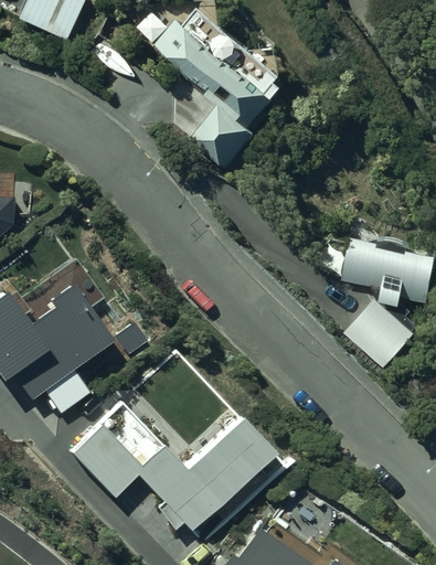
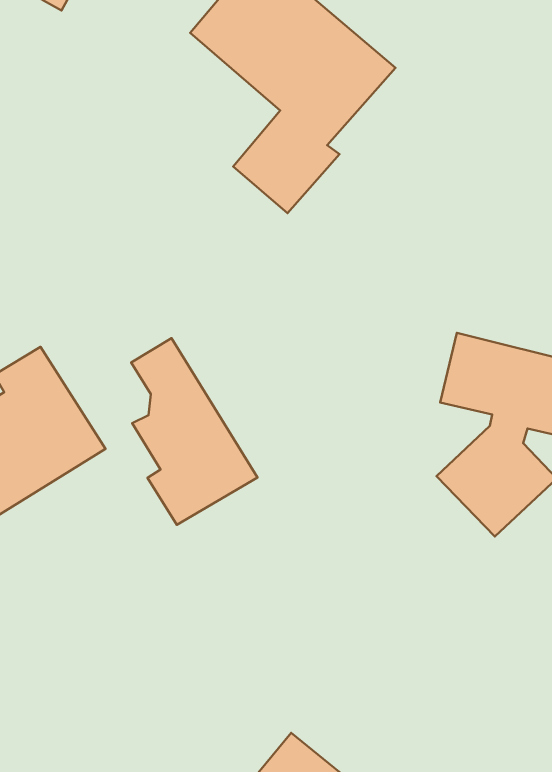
building: none -> [131,338,257,525]
building: [65,413,274,530] -> none

